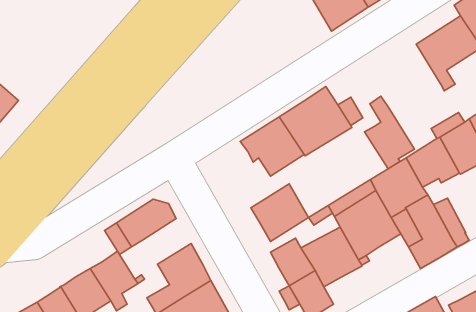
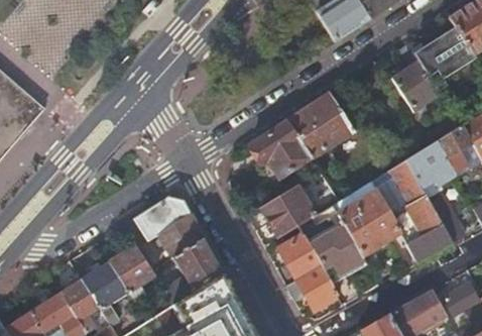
building: [364,96,414,169] -> [391,44,438,112]
building: none -> [159,217,205,260]

